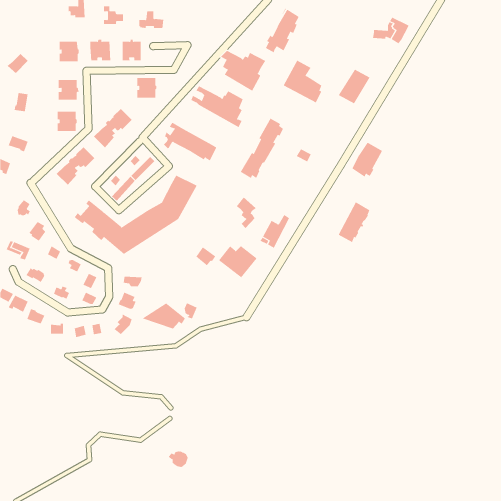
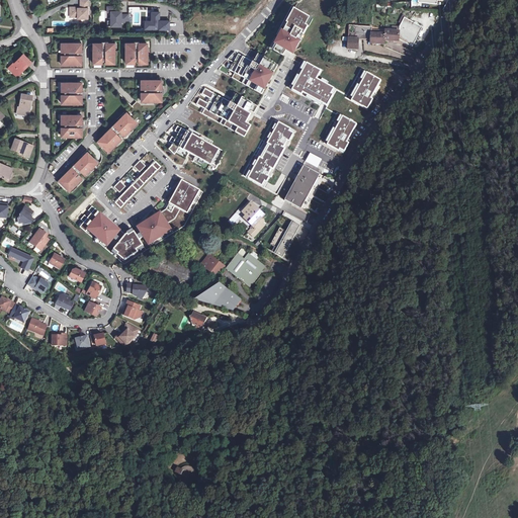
building: none -> [347,25,384,49]
building: [352,142,383,177] -> [324,114,356,151]
building: [338,201,370,243] -> [284,165,318,207]
building: [142,303,186,329] -> [194,282,240,310]

